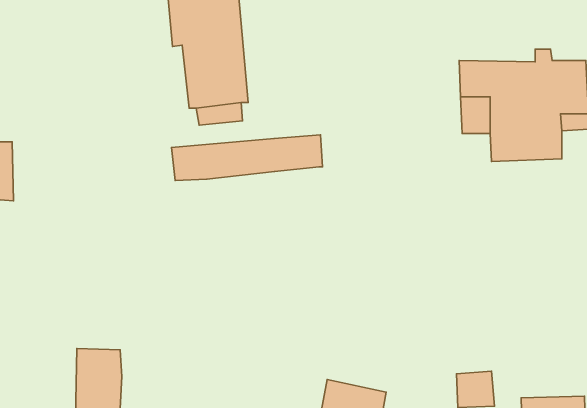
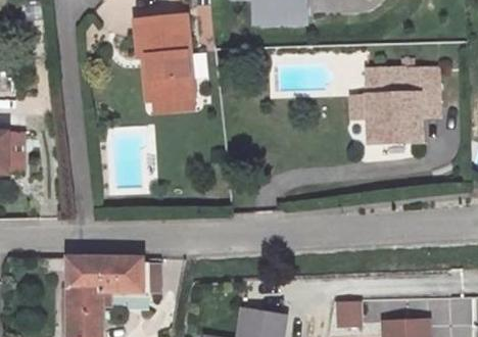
building: [171,135,323,180] -> none
building: none -> [66,257,157,303]

